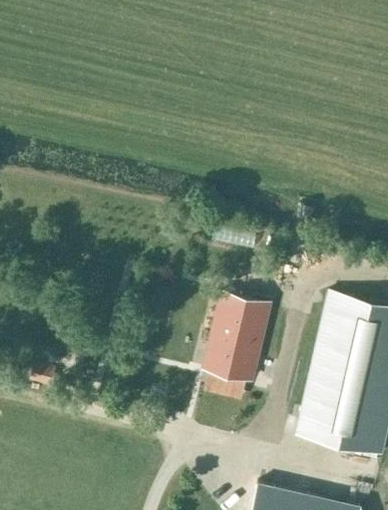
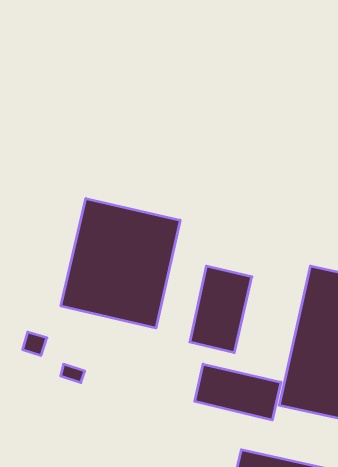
building: none -> [61,198,180,328]
building: none -> [195,364,281,420]

